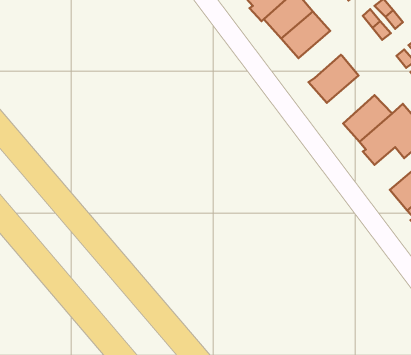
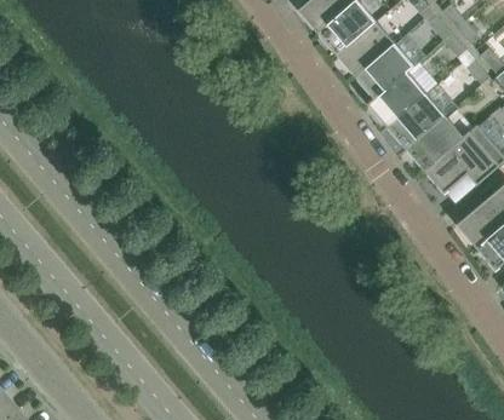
building: none -> [359,44,413,96]
building: none -> [390,93,443,149]

